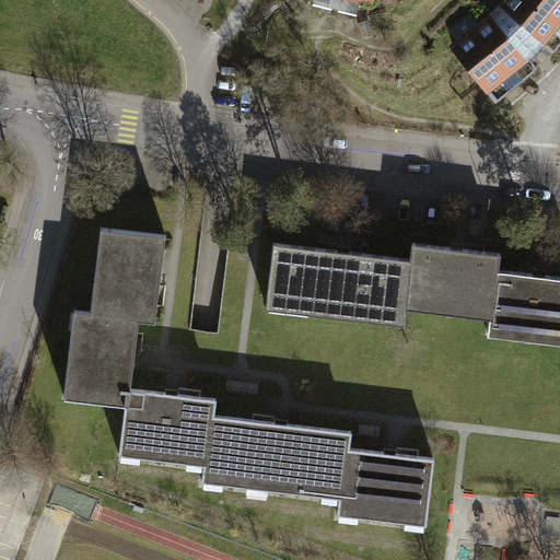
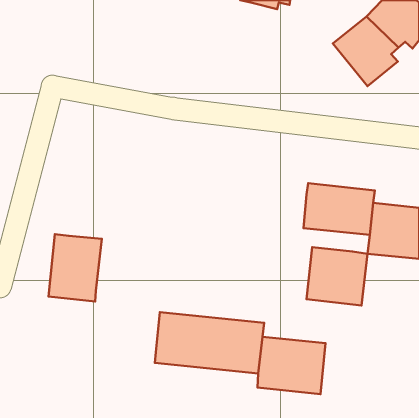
building: [92,232,164,323] -> none
building: [265,246,409,324] -> none
building: none -> [306,247,367,306]
building: [120,389,215,471] -> none

